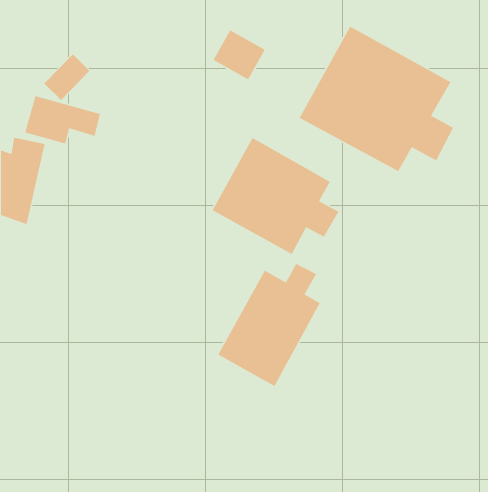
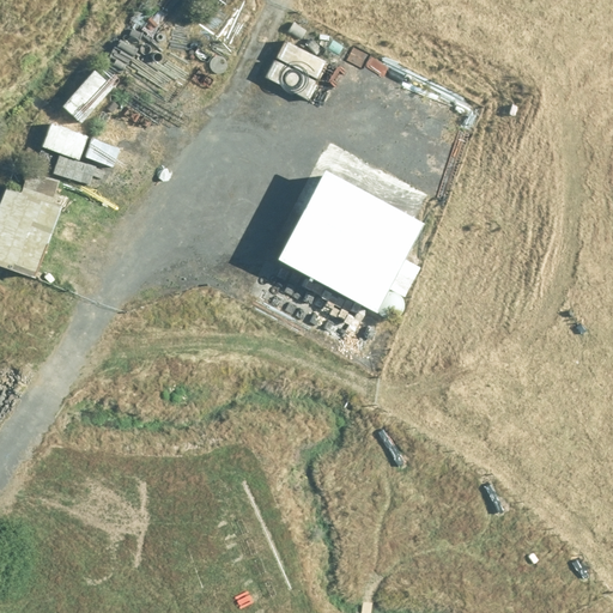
building: [299,26,454,172] -> none
building: [217,263,321,387] -> none

